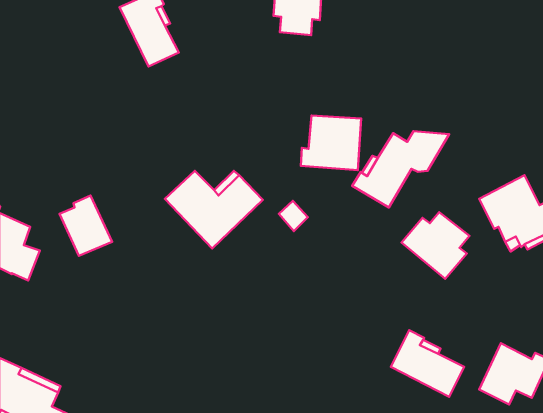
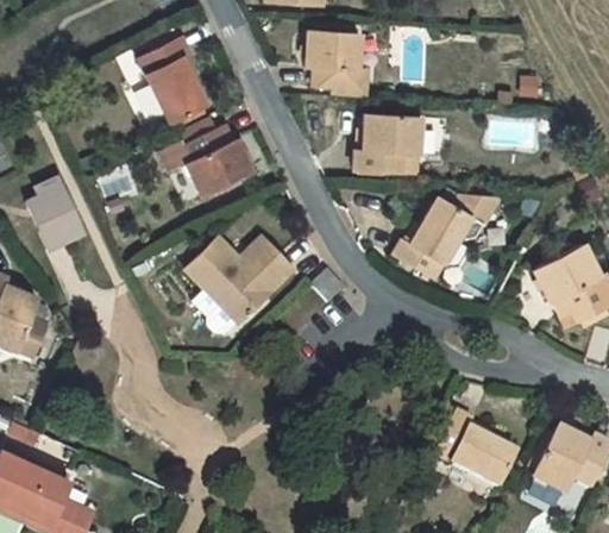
building: none -> [182,125,253,197]
building: [301,115,361,170] -> [354,113,421,174]
building: [59,196,112,256] -> [27,182,86,249]
building: [402,212,469,279] -> none

